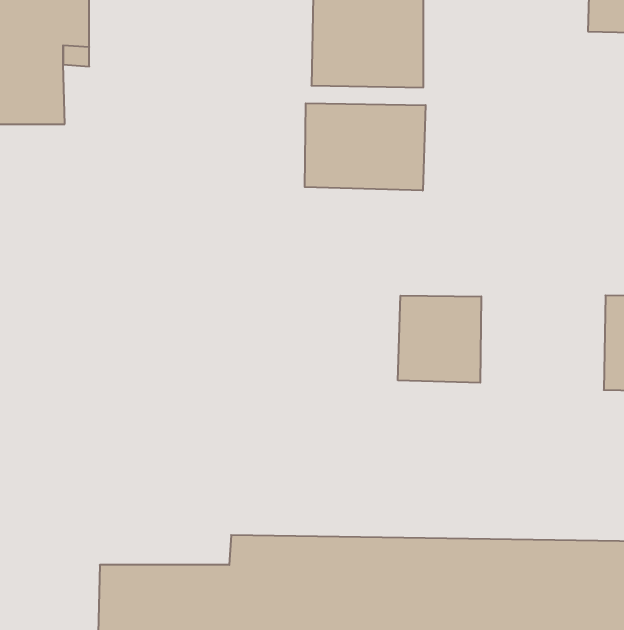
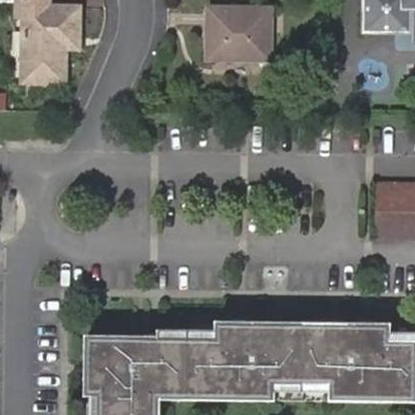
building: [305,103,426,191] -> none
building: [398,296,481,383] -> none

